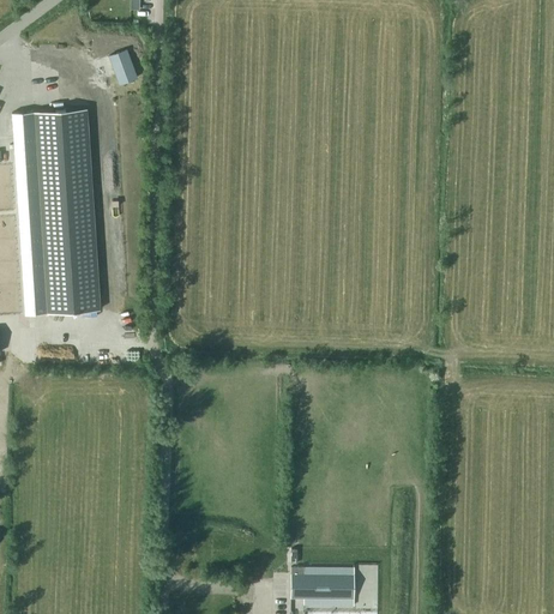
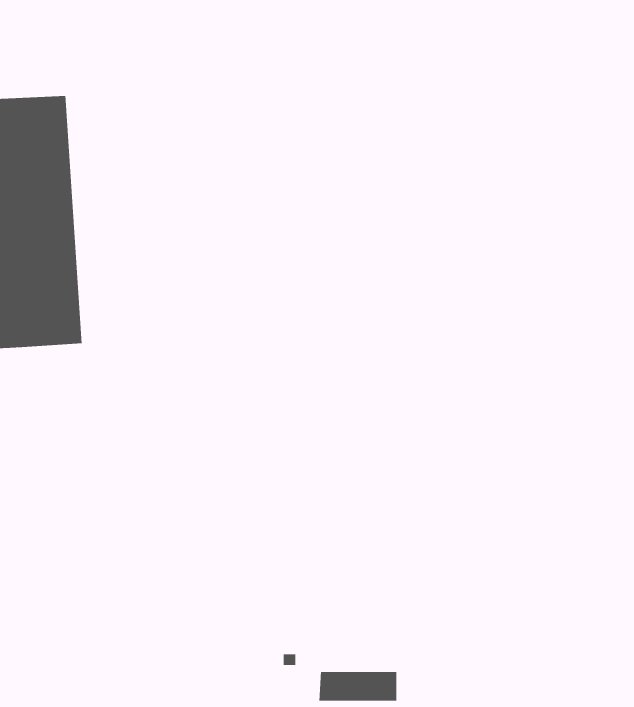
building: [109,52,137,86] -> none

